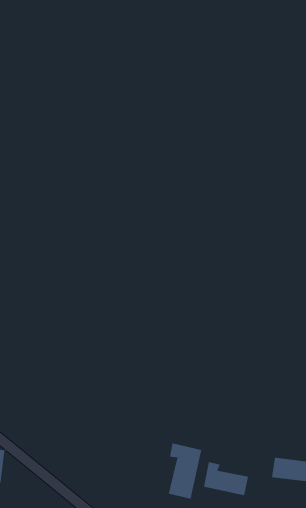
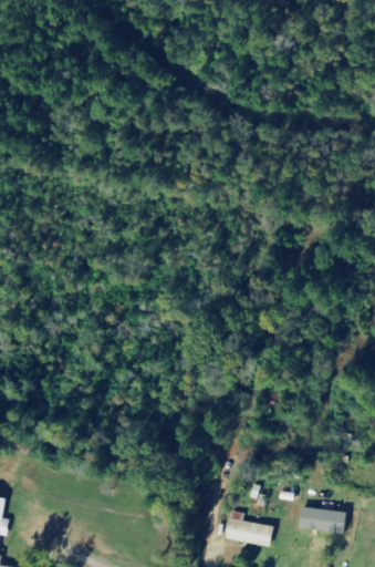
building: [168,443,202,499] -> none

